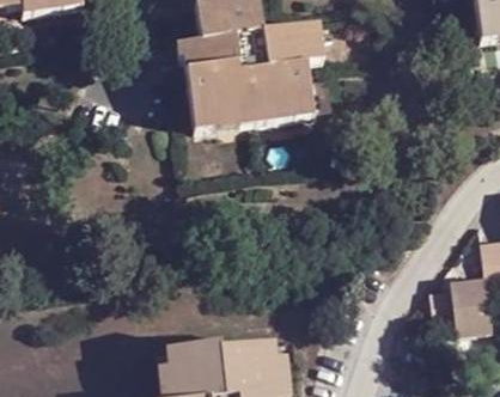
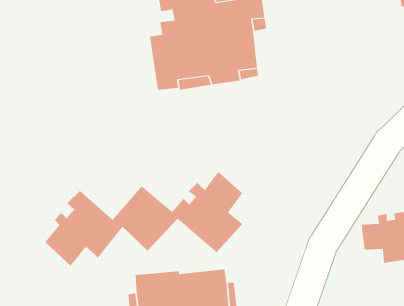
building: none -> [44,171,243,267]

